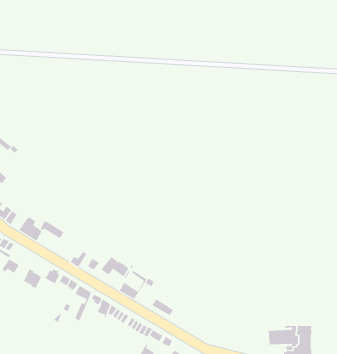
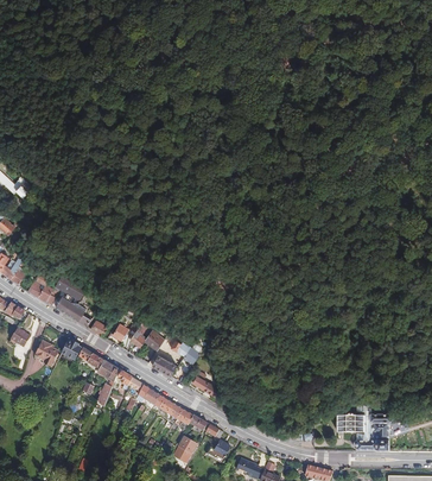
building: none -> [56,299,96,329]

